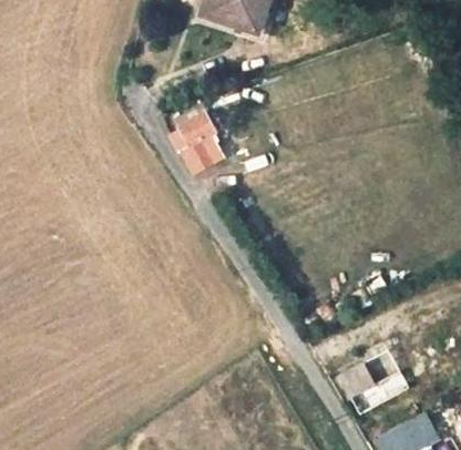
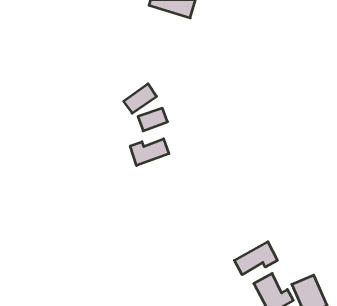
building: none -> [130,139,169,166]
building: none -> [234,242,277,275]

